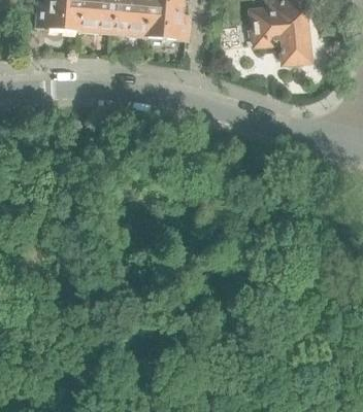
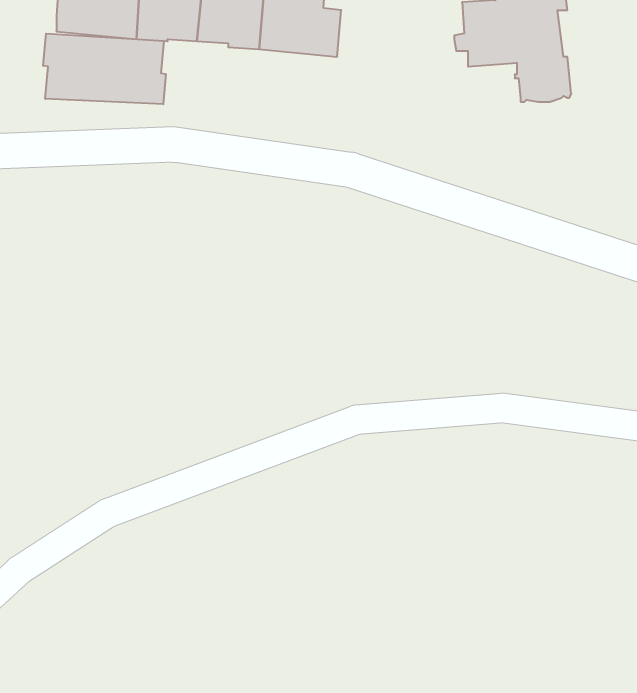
building: none -> [43,34,166,104]

